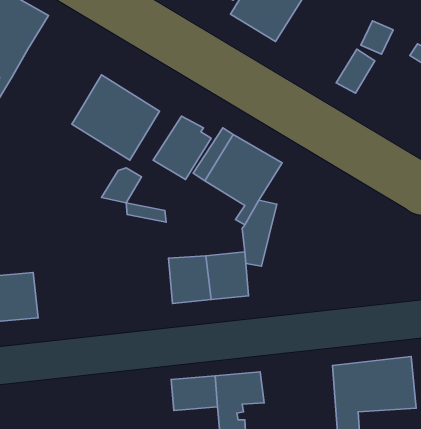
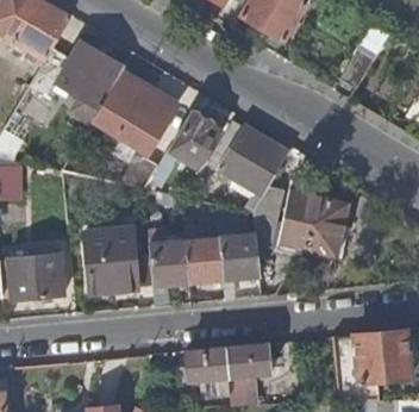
building: none -> [39,40,124,107]
building: none -> [275,192,348,257]
building: none -> [149,227,187,307]
building: none -> [83,229,137,292]

